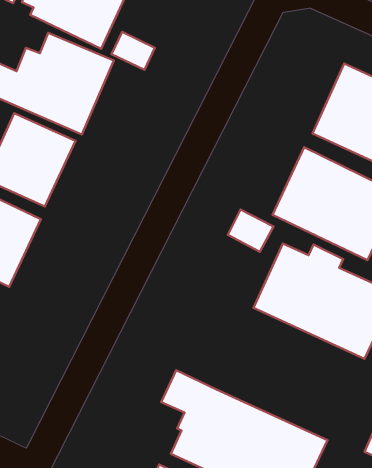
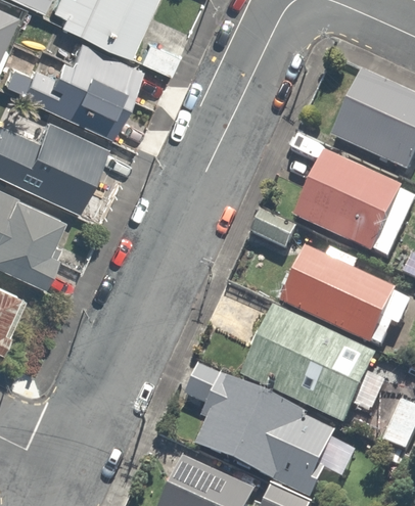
building: none -> [238,307,381,434]

